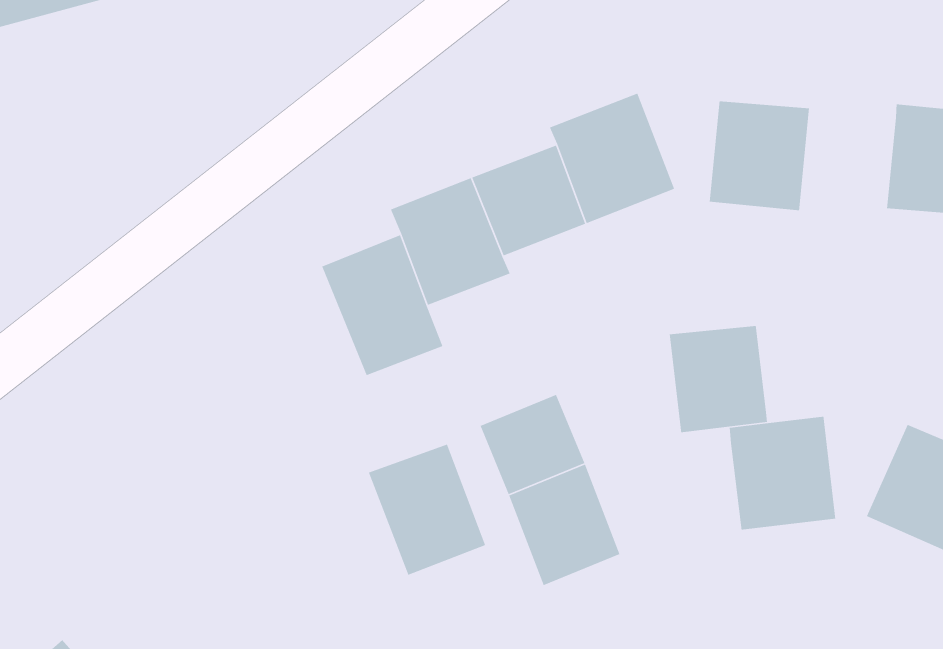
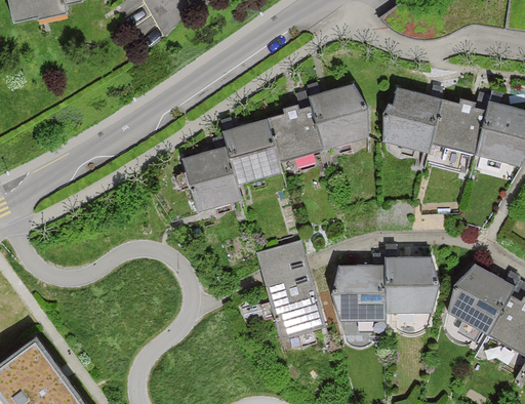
building: none -> [431,100,484,161]
building: [669,325,768,433] -> [338,268,385,319]
building: [368,444,486,576] -> none

